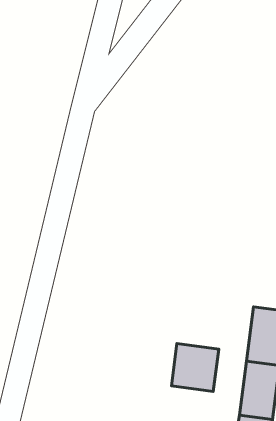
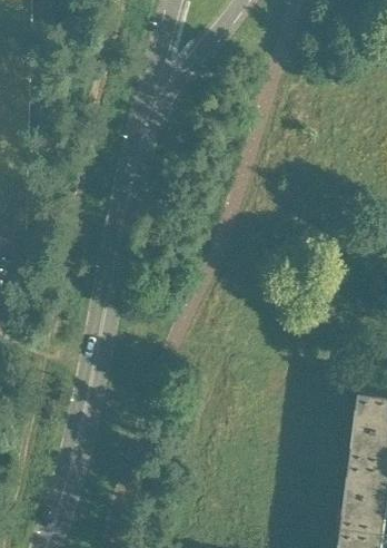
building: [171,344,219,391] -> none

